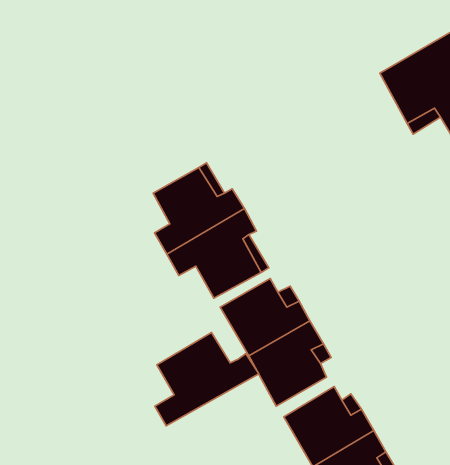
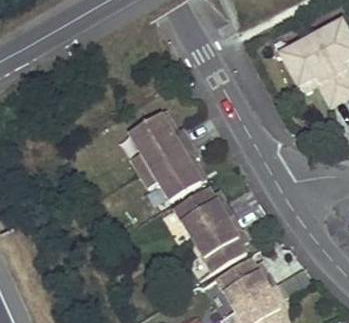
building: [155,333,259,426] -> none

